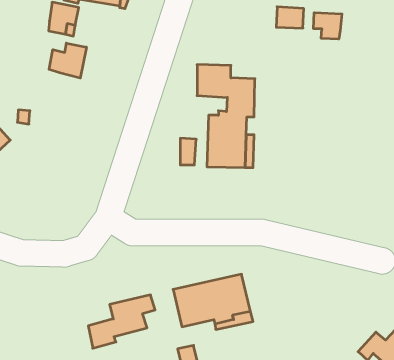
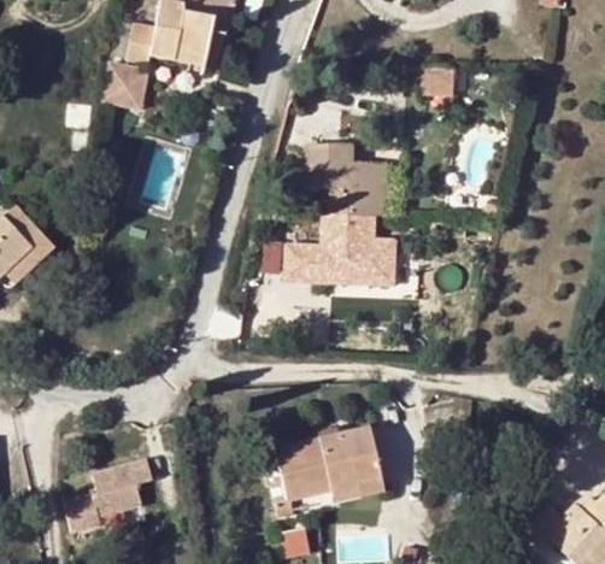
building: [314,13,342,39] -> none
building: [49,43,86,78] -> none
building: [88,295,155,348] -> [64,460,154,533]

